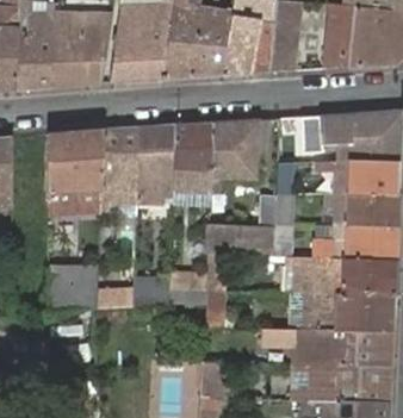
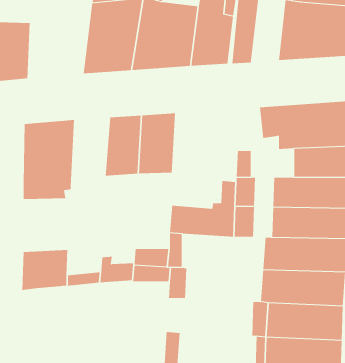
building: [54,12,114,86] -> none
building: [207,119,262,202] -> none
building: [100,127,141,201] -> none

